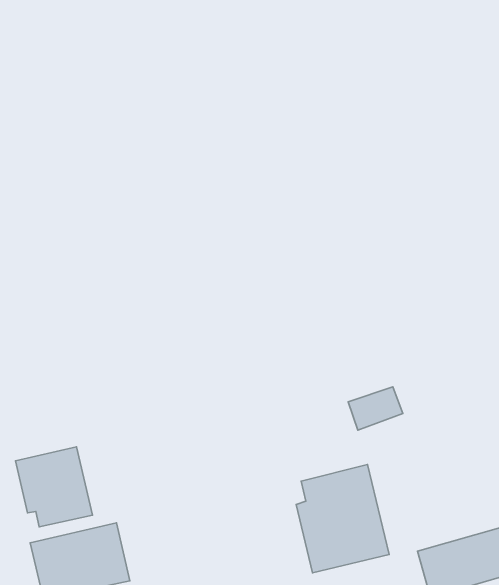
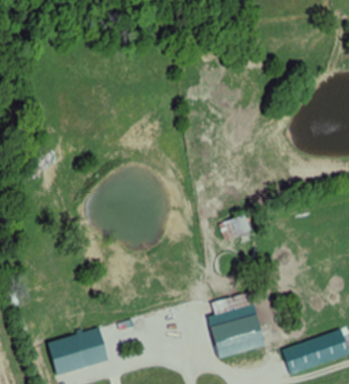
building: [348,387,403,430] -> [218,215,251,241]
building: [16,447,92,527] -> none

